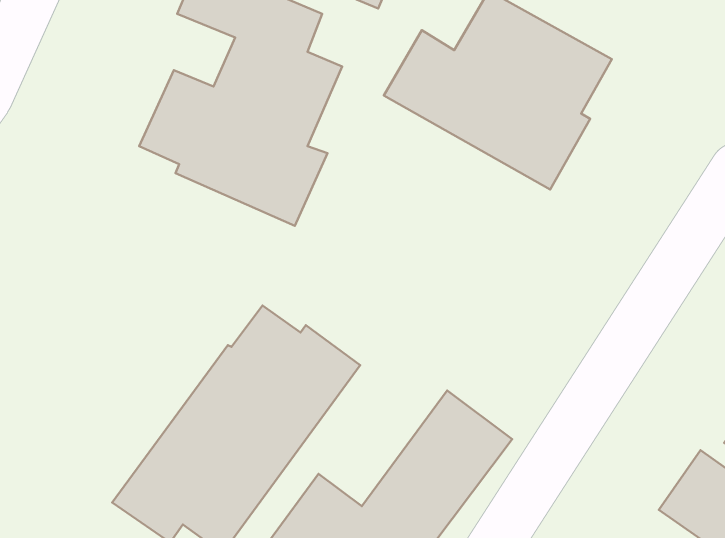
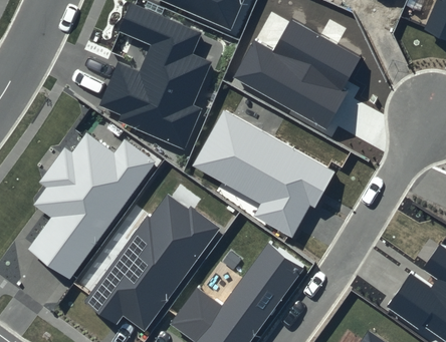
building: none -> [192,109,336,238]
building: none -> [29,132,156,278]

